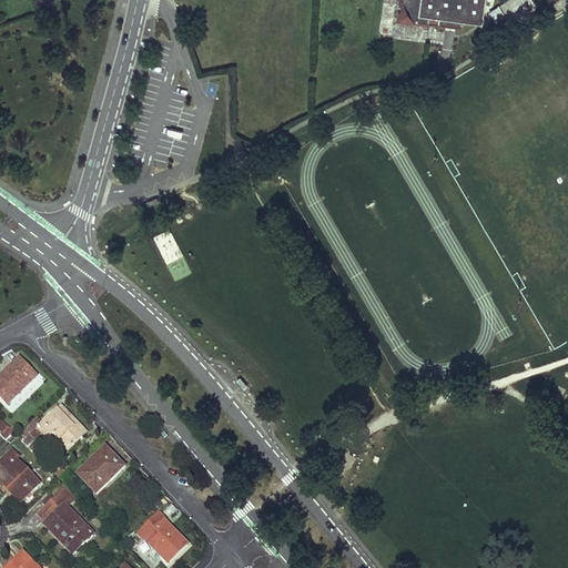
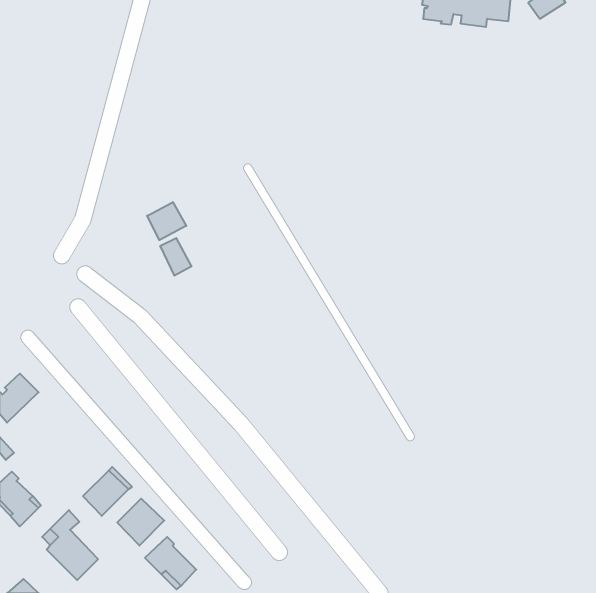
building: none -> [147,202,186,240]
building: [22,404,85,453] -> none
building: none -> [117,499,164,546]

